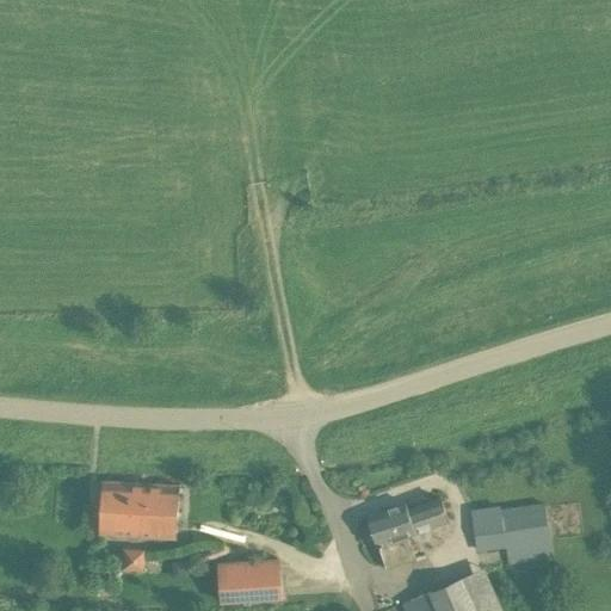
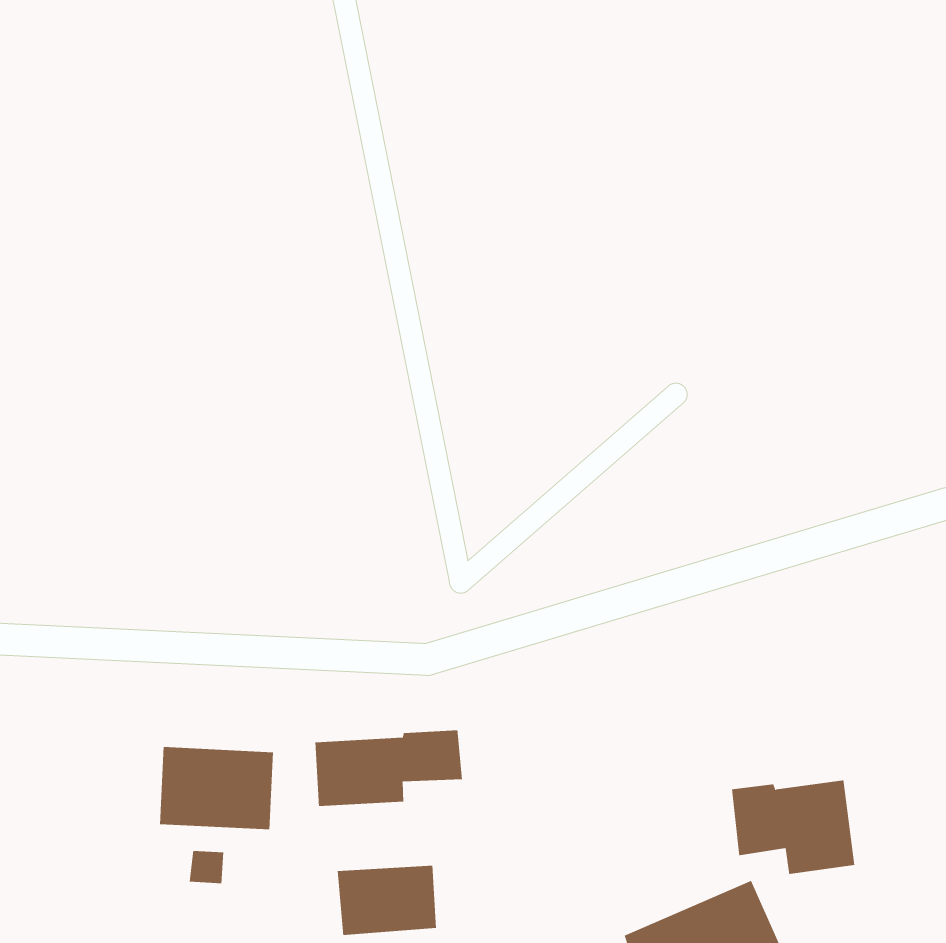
building: none -> [315,729,463,807]
building: [369,500,446,570] -> none

